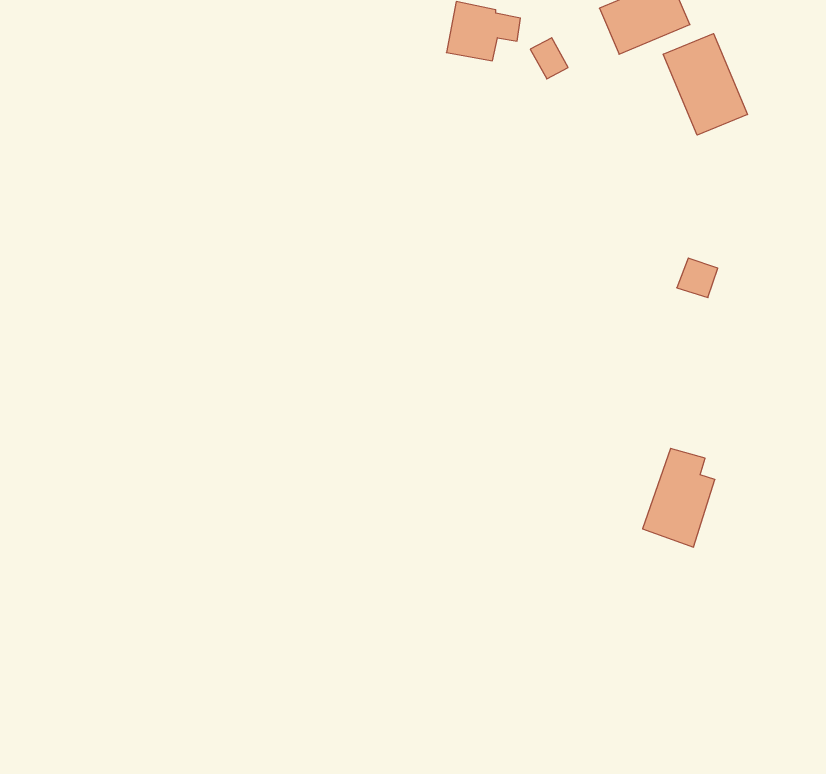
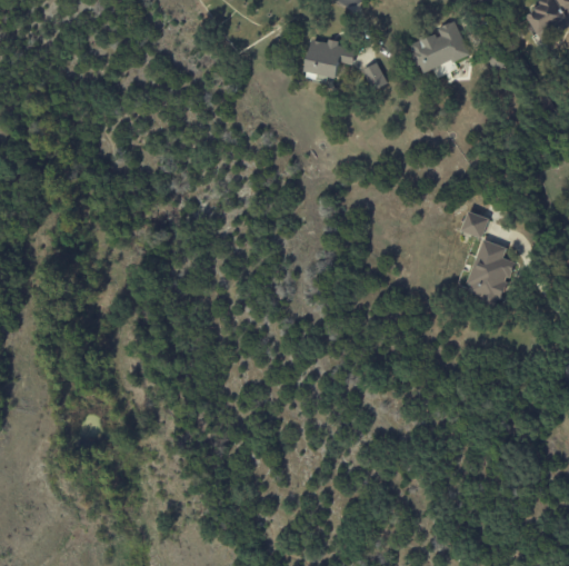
building: [663,34,747,135] -> none
building: [643,448,715,547] -> [463,239,512,306]

